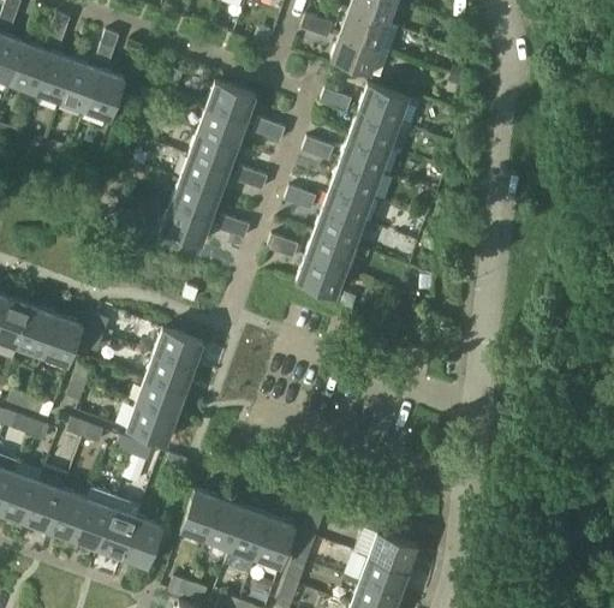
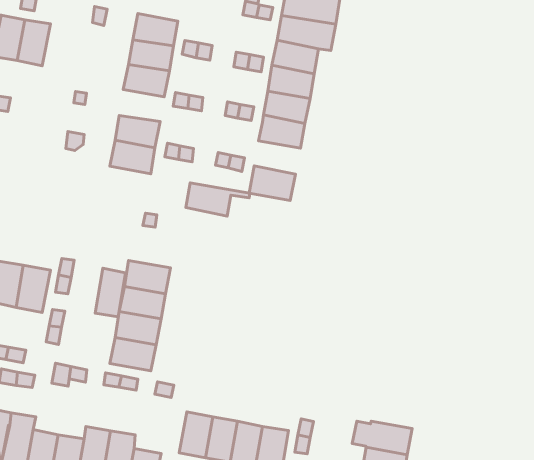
building: [179,157,227,196] -> none
building: [305,232,371,272] -> [186,183,250,216]
building: none -> [95,268,125,317]

